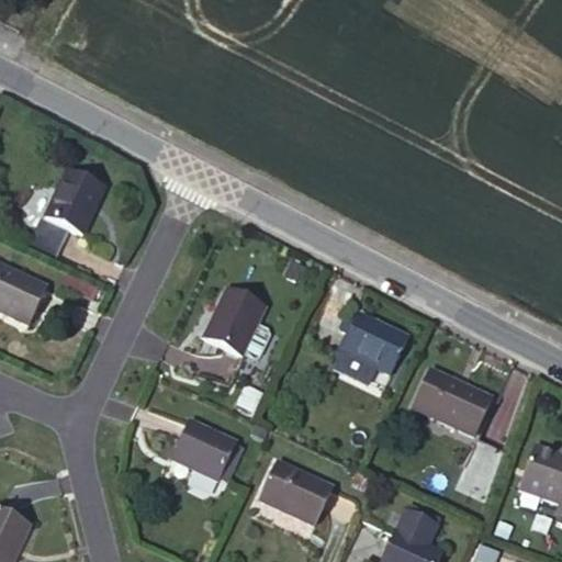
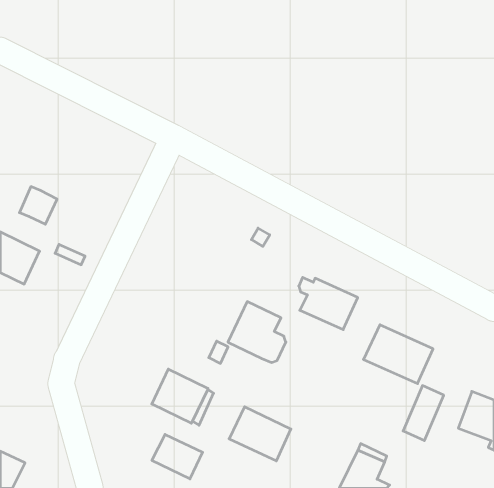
building: [46,170,103,234] -> none
building: [204,290,270,359] -> [228,302,286,362]
building: none -> [152,434,203,479]

